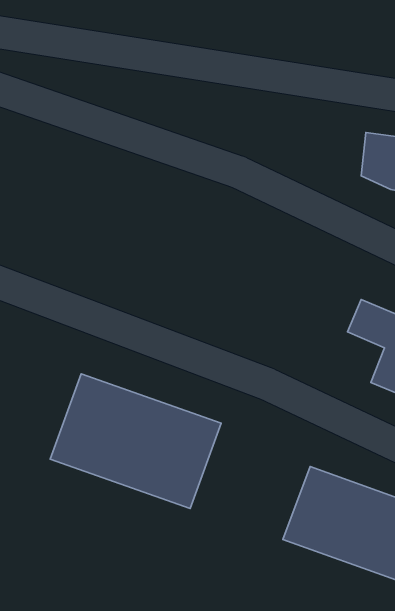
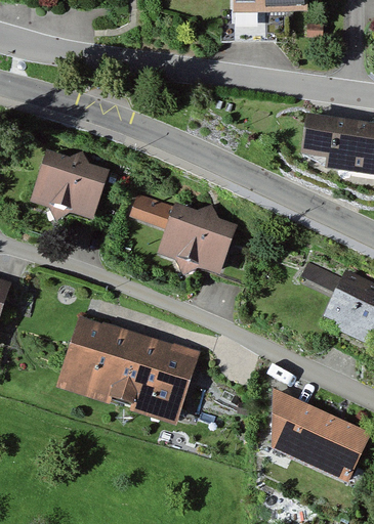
building: none -> [29,147,114,230]
building: none -> [140,191,244,278]

